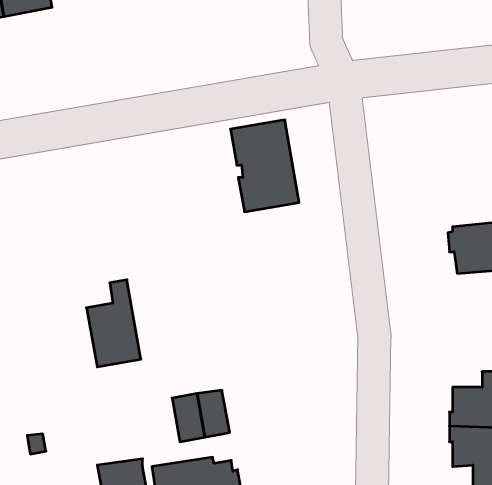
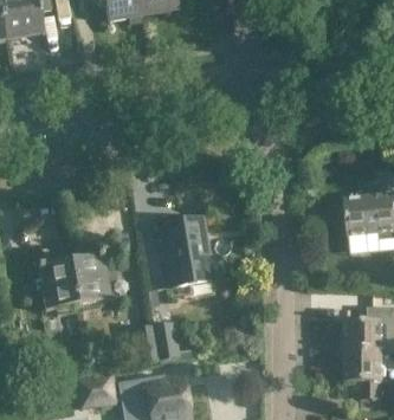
building: [230,120,299,212] -> [161,217,213,286]
building: none -> [35,248,78,310]

